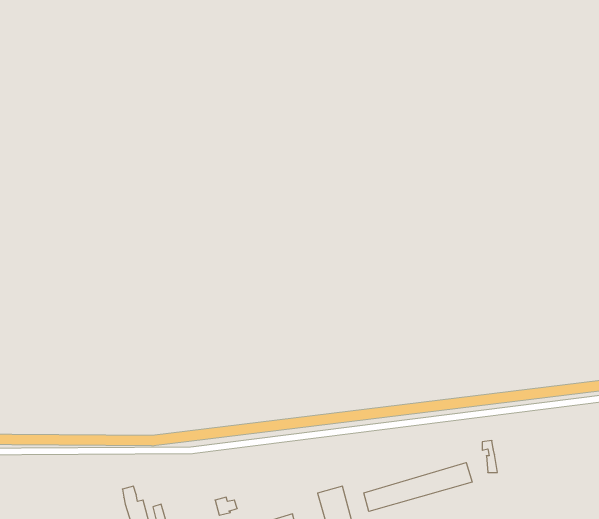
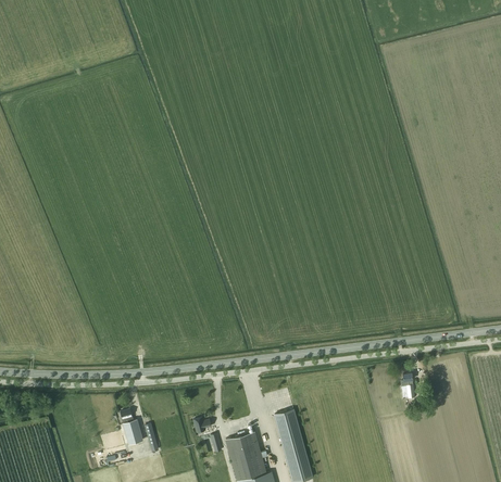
building: [364,463,472,511] -> none

